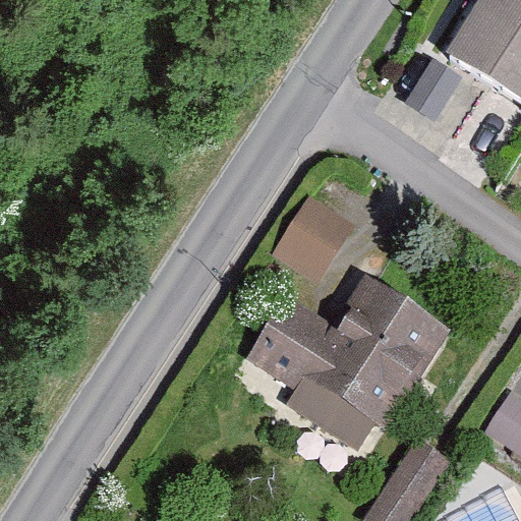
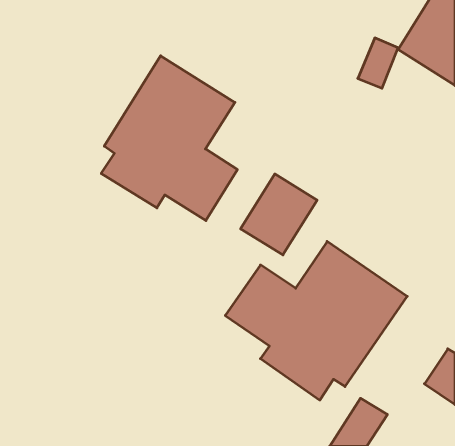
building: none -> [101,56,237,221]

